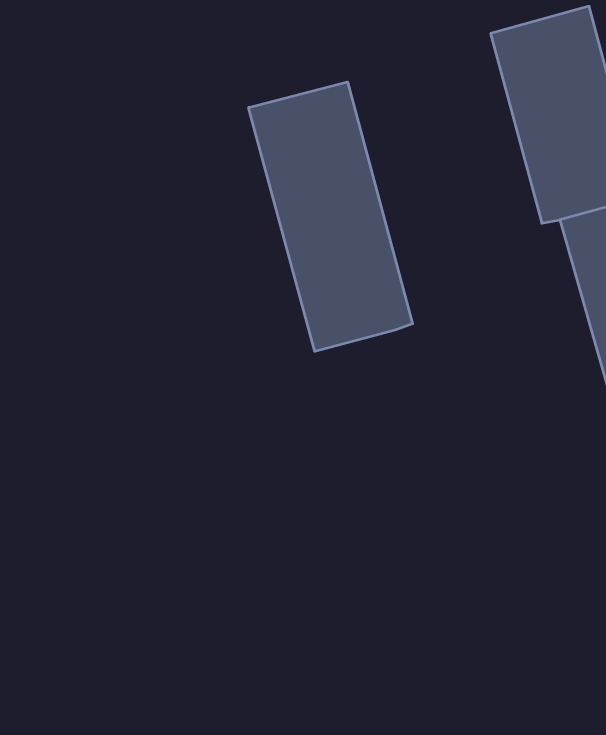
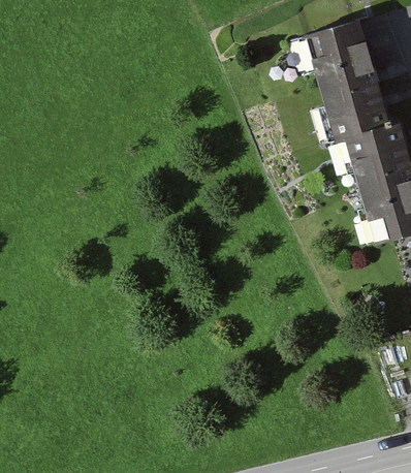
building: [249,82,413,351] -> none

